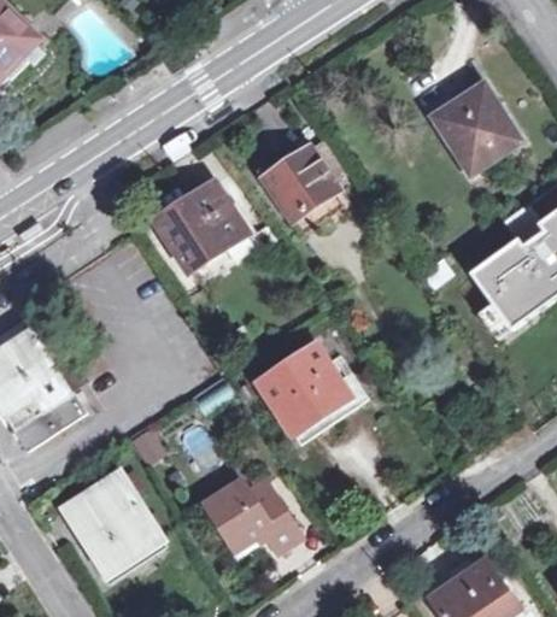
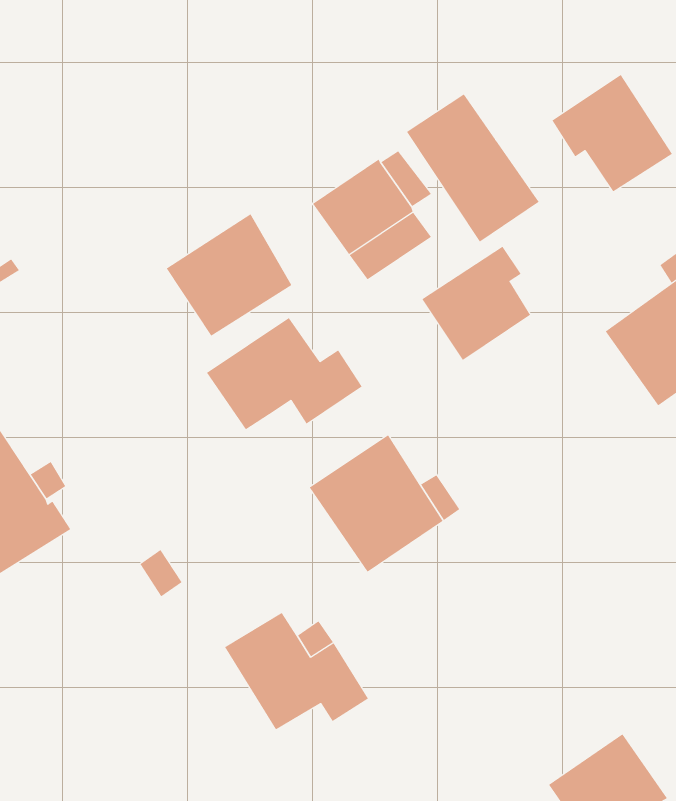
building: none -> [406,93,539,242]
building: none -> [422,246,531,361]
building: none -> [206,317,363,430]
building: [54,464,168,581] -> none

